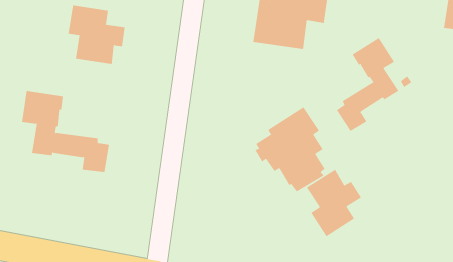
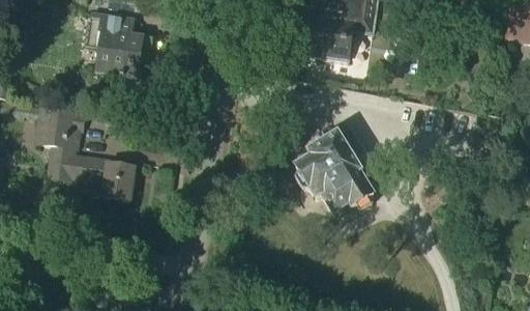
building: [336,37,399,132] -> none
building: [306,169,362,237] -> none

